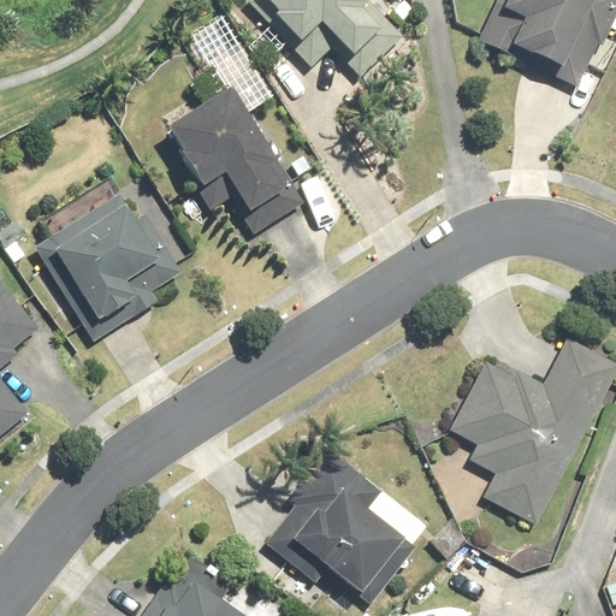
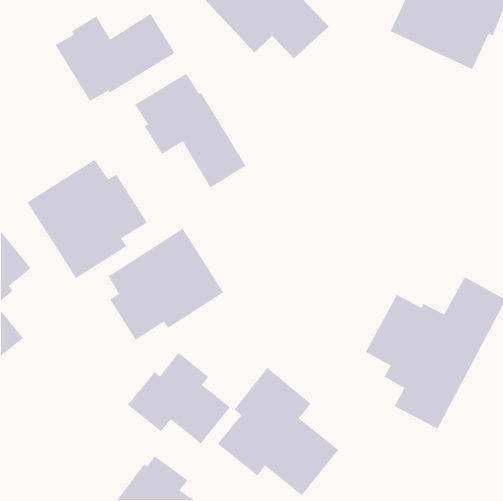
building: none -> [55,13,175,102]
building: none -> [108,228,224,341]
building: none -> [127,352,231,445]

